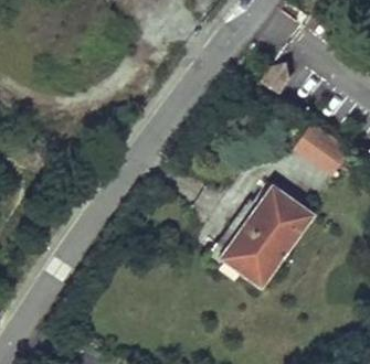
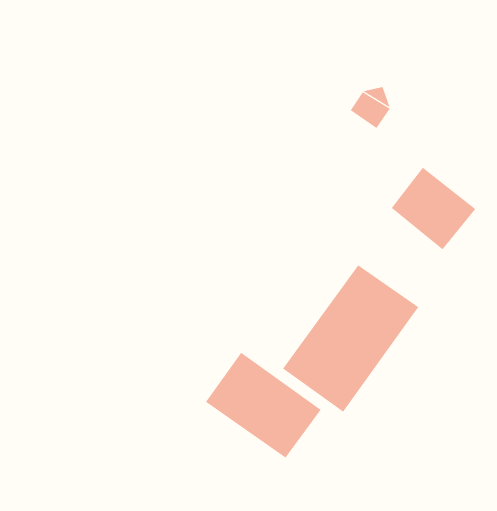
building: none -> [205,352,322,459]

